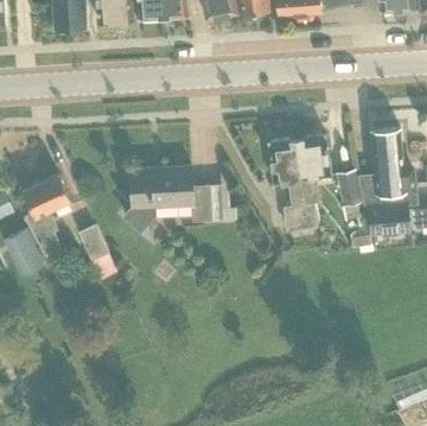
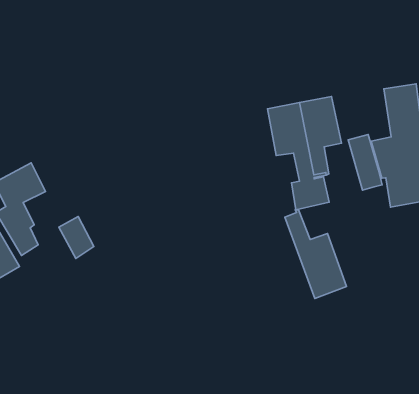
building: [123,165,212,231] -> none
building: none -> [285,210,346,298]

